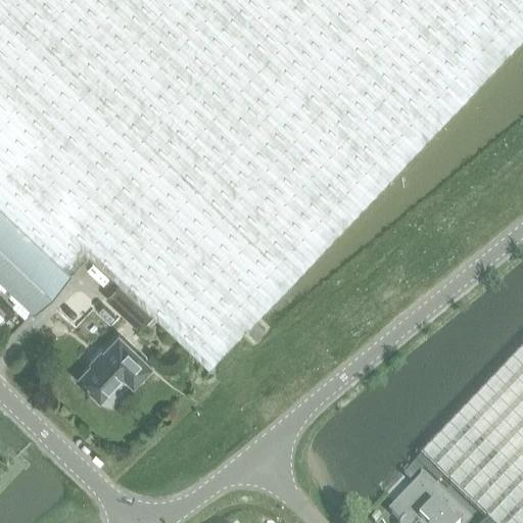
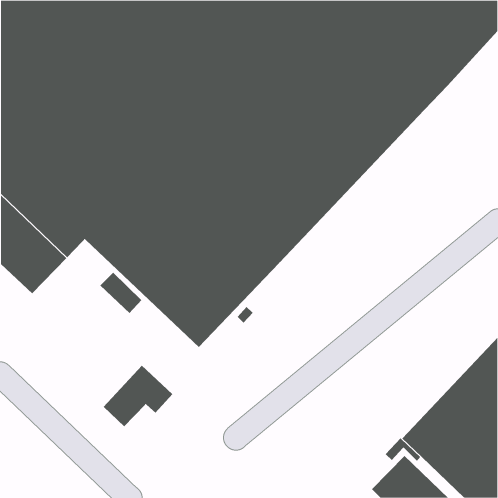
building: [78,334,151,399] -> [103,365,173,427]

